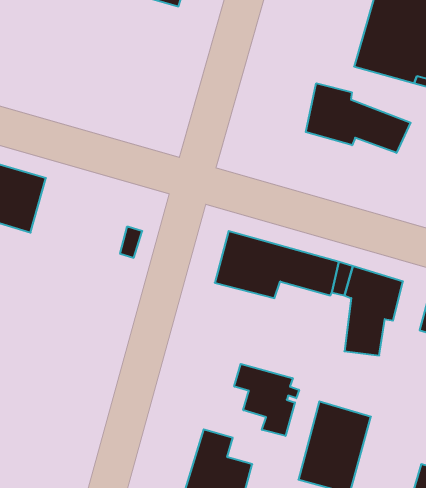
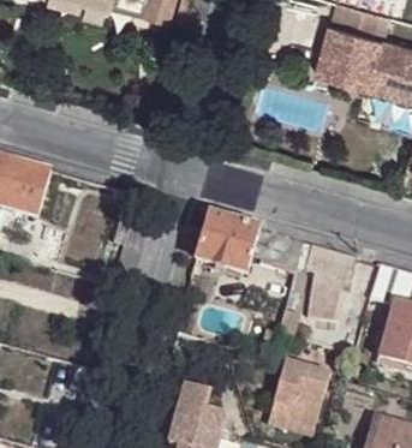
building: [306,83,411,153] -> none
building: [234,364,299,436] -> none

